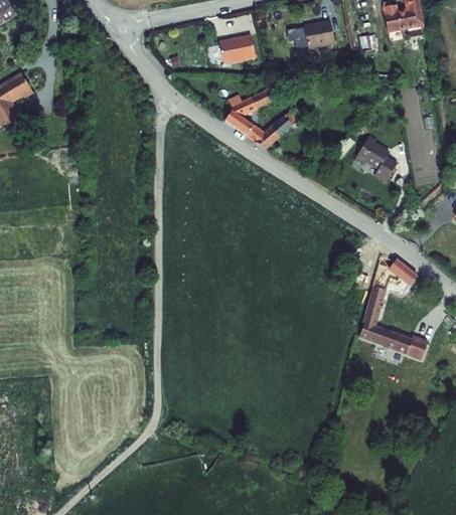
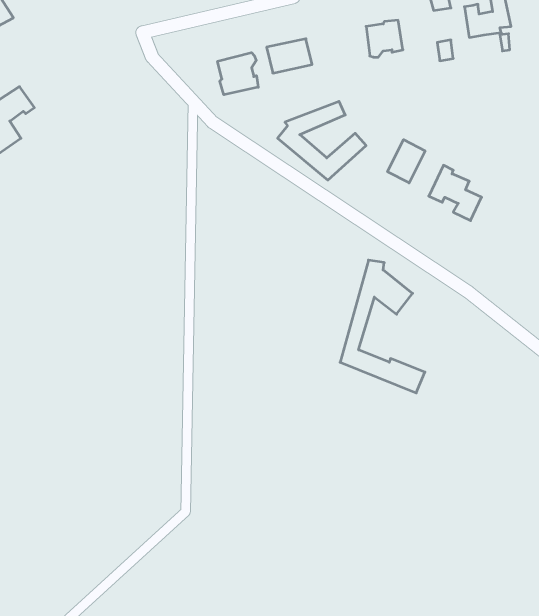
building: none -> [218,53,258,95]
building: none -> [388,140,425,183]
building: [357,251,427,360] -> [340,260,425,393]

